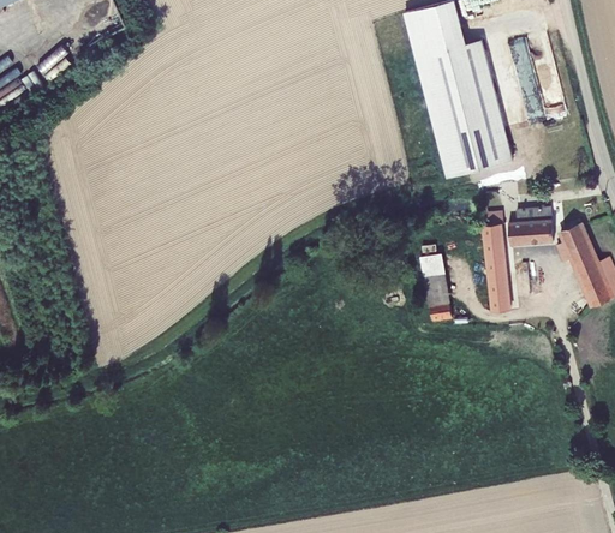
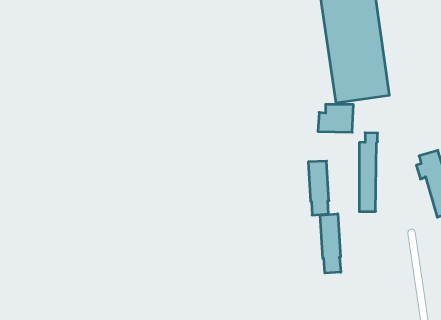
building: [508,206,553,245] -> [318,104,353,132]
building: none -> [320,214,341,273]

